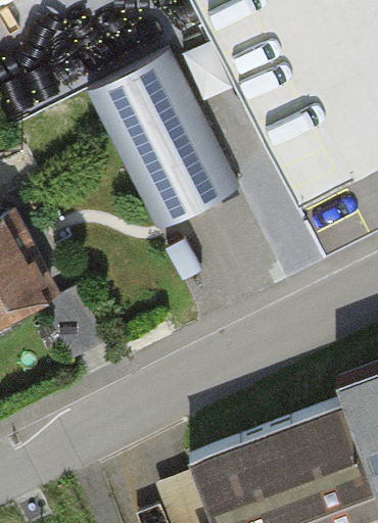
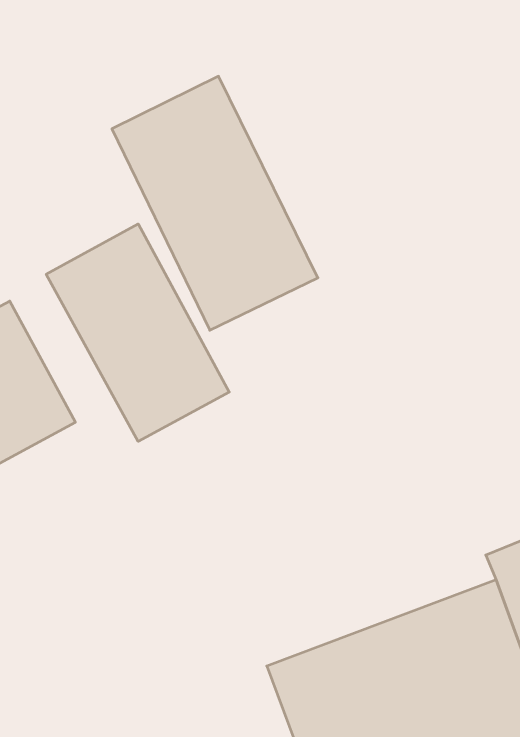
building: none -> [46,224,229,441]

